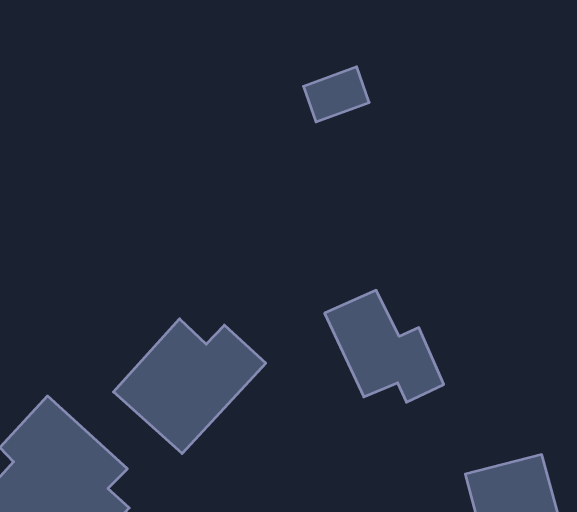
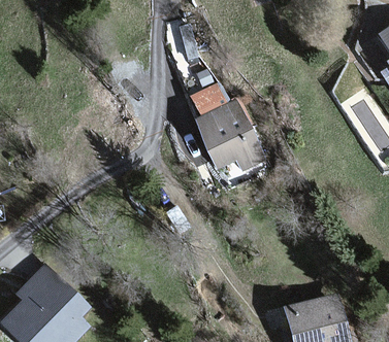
building: [325,290,444,402] -> [196,107,265,172]
building: [113,319,266,454] -> none

